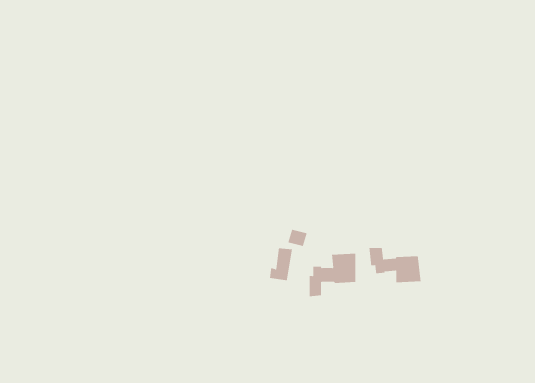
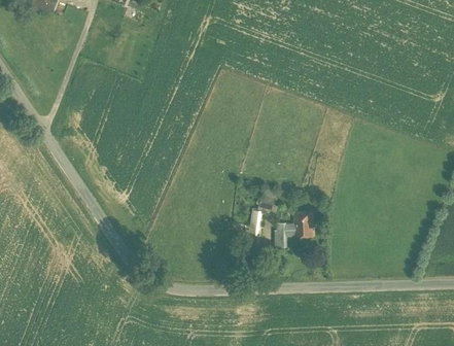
building: [369,247,421,283] -> none

